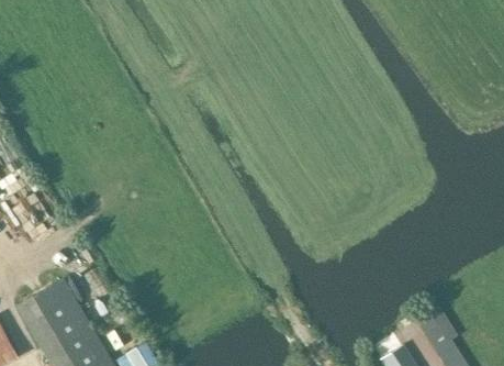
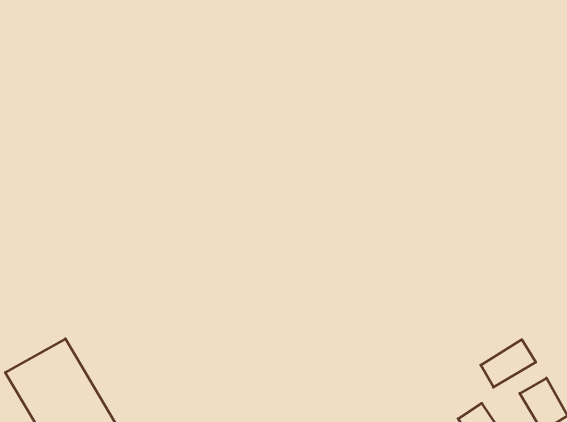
building: none -> [481,340,536,387]

